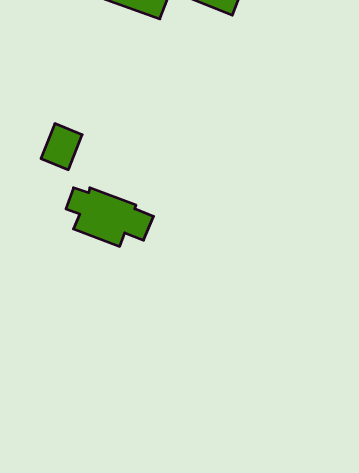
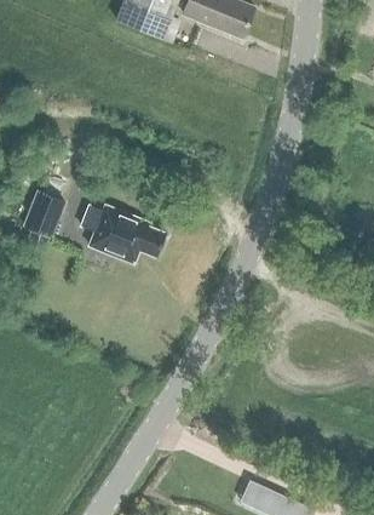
building: [41,124,82,170] -> [24,191,64,236]

